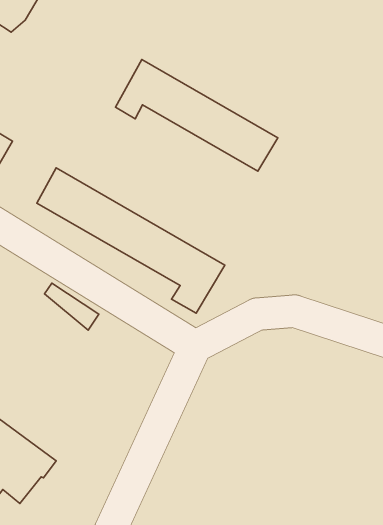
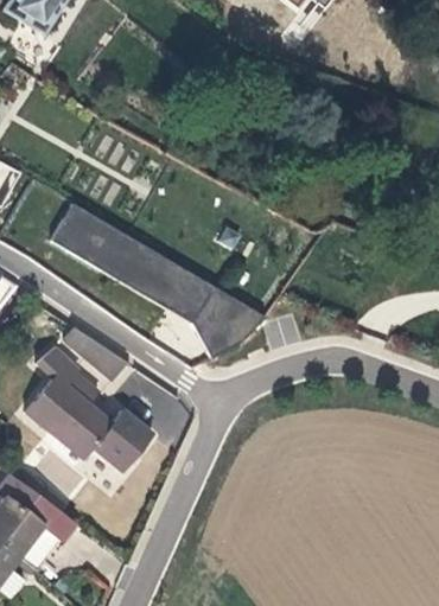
building: [116,60,278,171] -> none
building: none -> [23,351,148,473]

